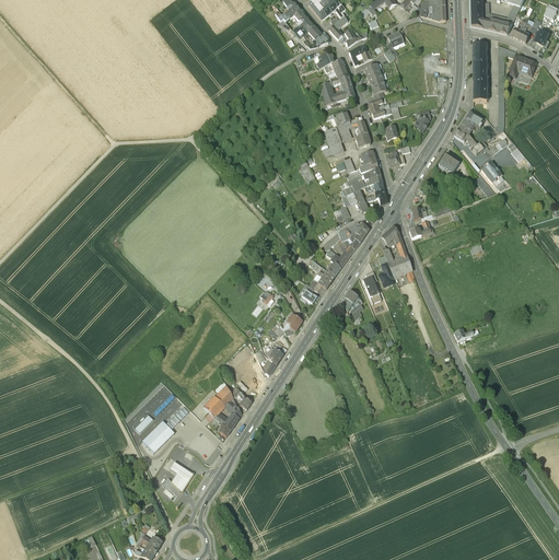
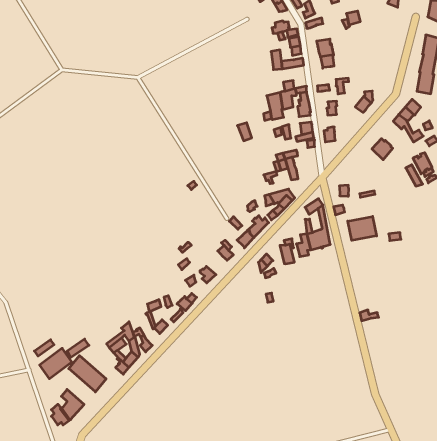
building: none -> [348,216,377,240]
building: none -> [69,356,106,392]

